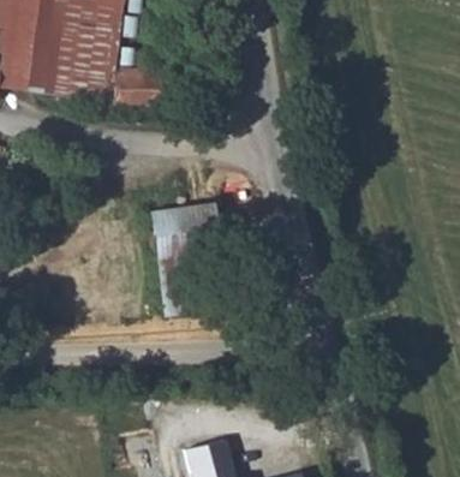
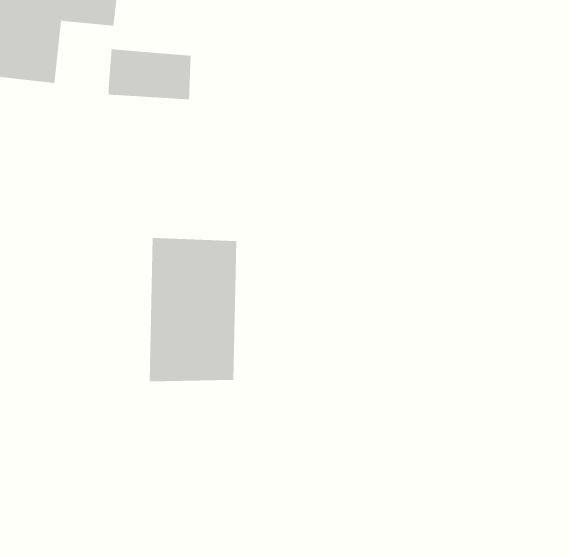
building: [77,46,120,95] -> none

